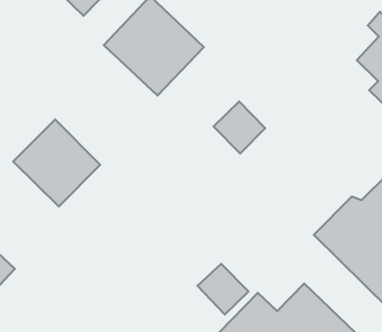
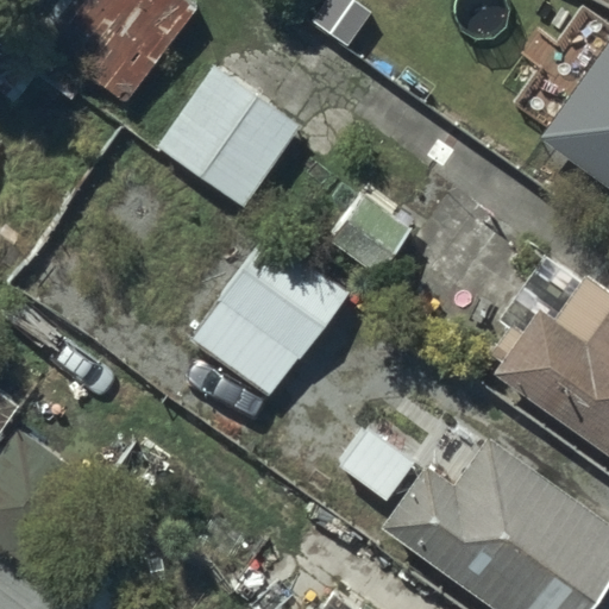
building: none -> [190,236,347,397]
building: [13,120,100,207] -> none

